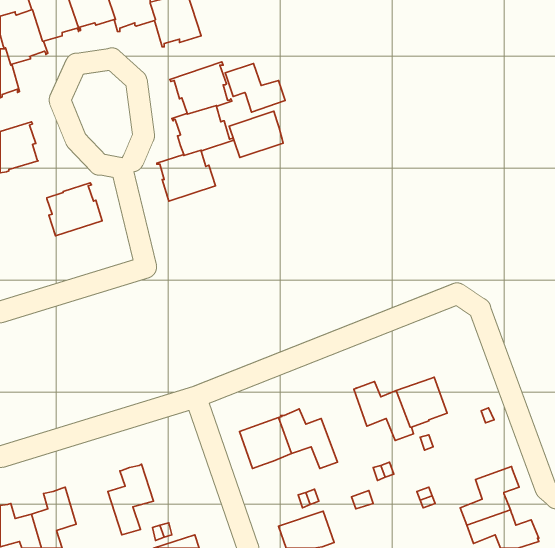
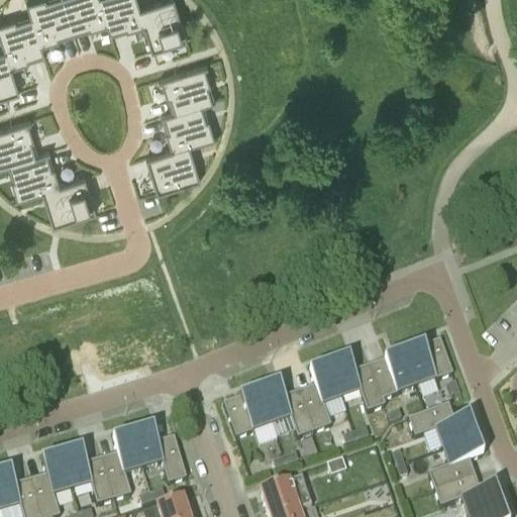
building: [225,64,285,112] -> none
building: [229,111,283,158] -> none
building: none -> [9,144,60,194]
building: none -> [404,337,452,384]
building: none -> [299,361,341,429]
building: none -> [408,402,476,445]
building: none -> [132,425,186,481]
building: none -> [62,446,114,502]

